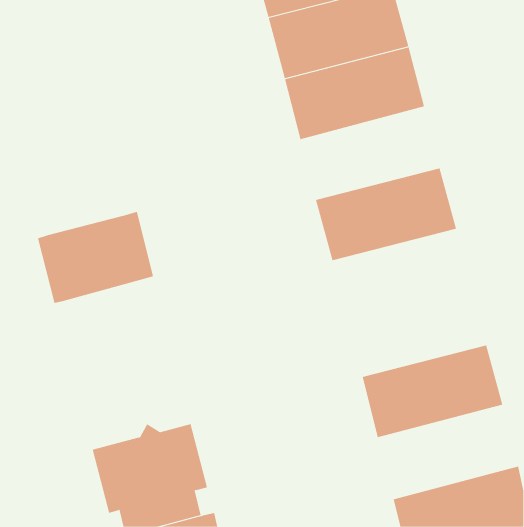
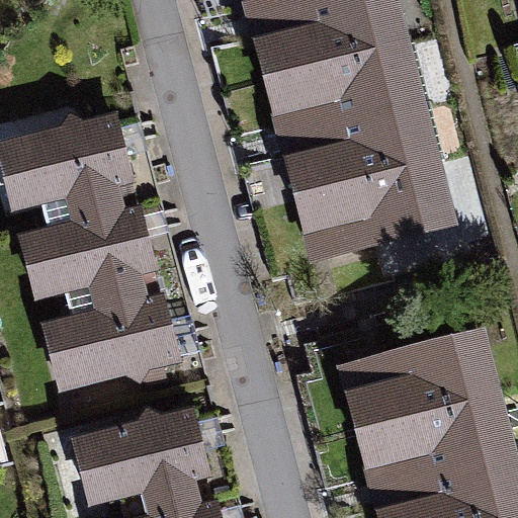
building: none -> [293,104,431,195]
building: none -> [14,119,127,230]
building: none -> [59,274,173,383]
building: none -> [369,396,508,488]

